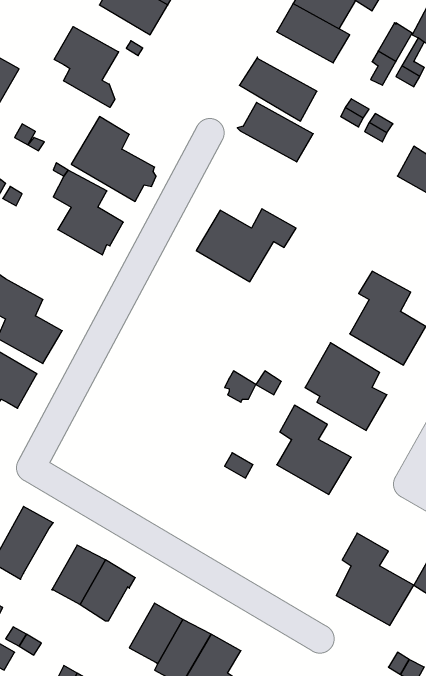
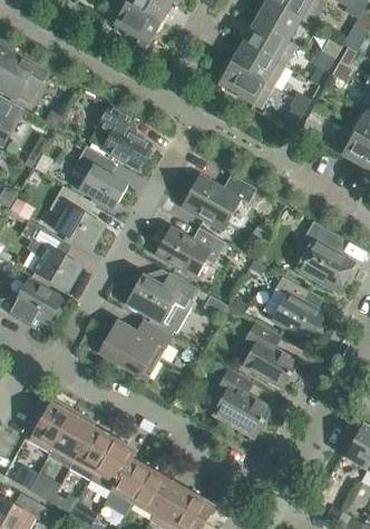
building: [54,27,119,107] -> none
building: [237,102,313,162] -> [227,41,284,86]
building: none -> [49,185,105,249]
building: none -> [155,226,225,276]
building: none -> [126,273,196,323]
building: none -> [98,319,172,379]
building: none -> [49,409,96,466]
building: [336,533,414,625] -> [213,368,271,437]
building: none -> [110,457,150,502]

